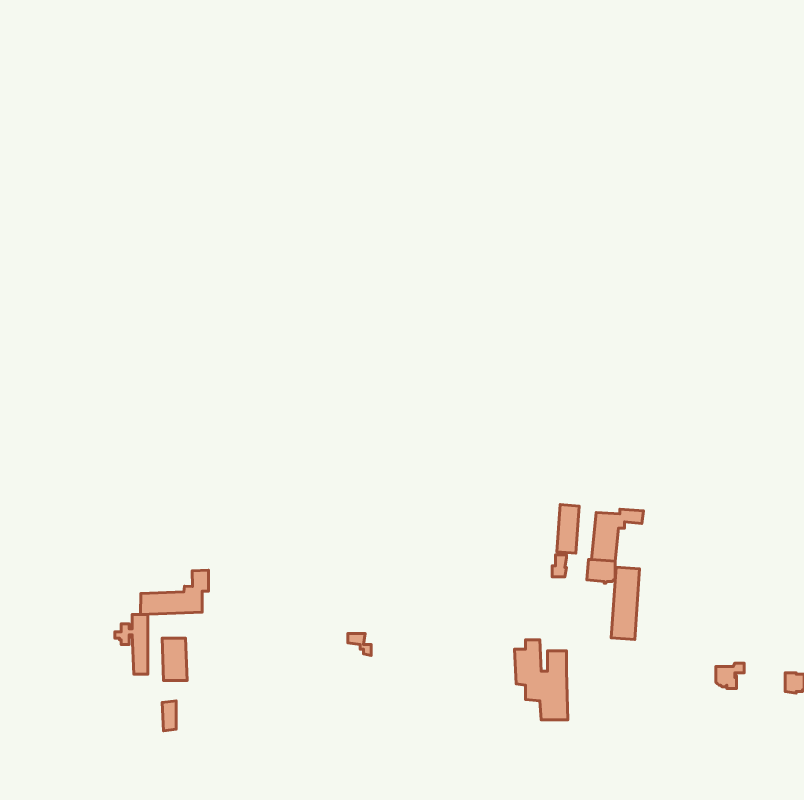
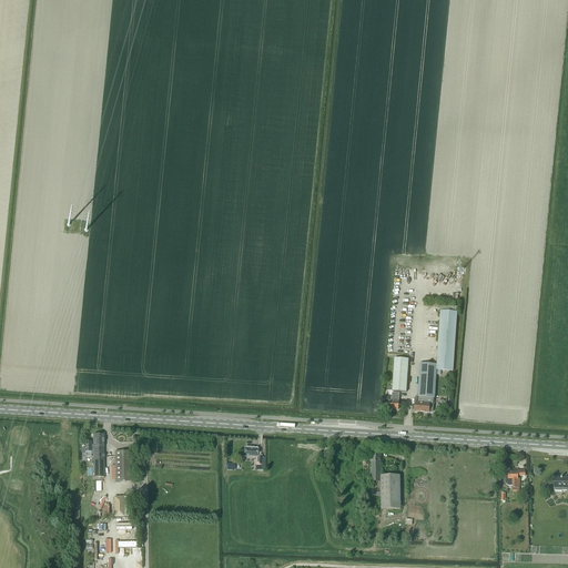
building: [611,567,640,639] -> [437,310,457,361]
building: [141,570,209,615] -> none

